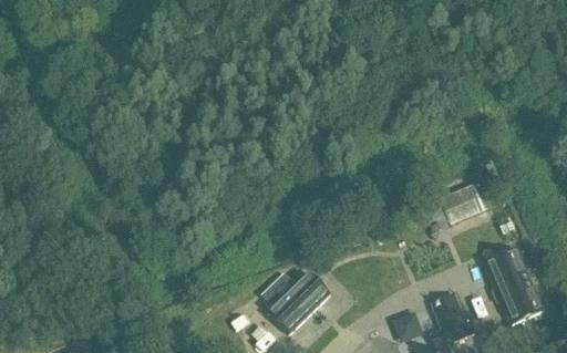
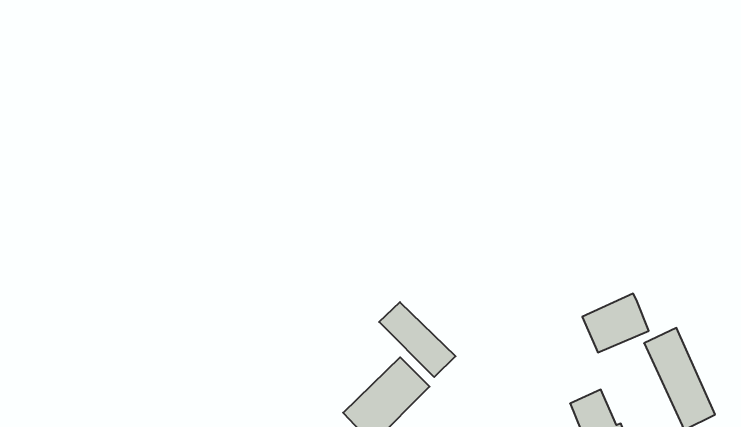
building: [437,178,485,220] -> [582,294,649,352]
building: none -> [379,302,456,377]

